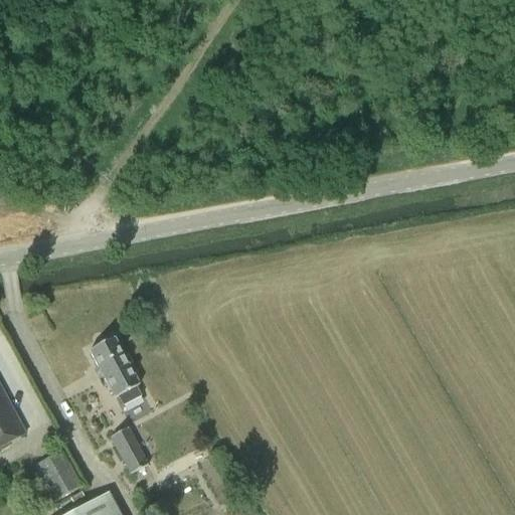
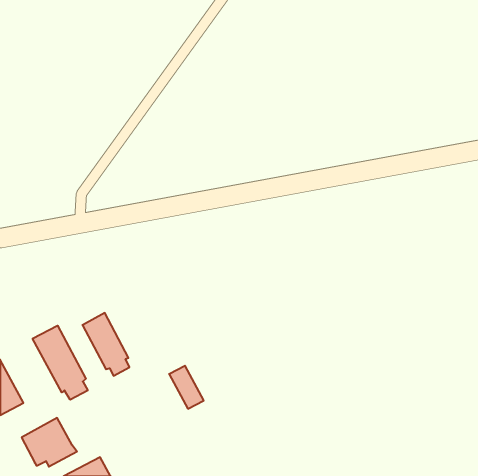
building: none -> [33,326,88,400]
building: [111,426,148,473] -> [169,366,204,409]

